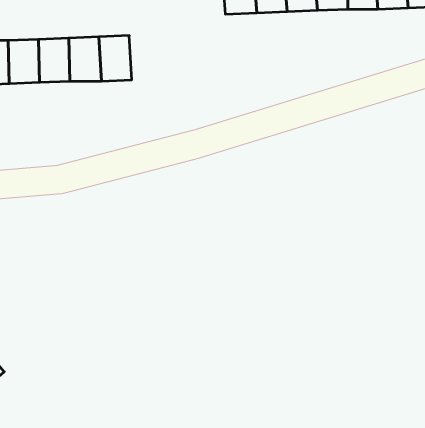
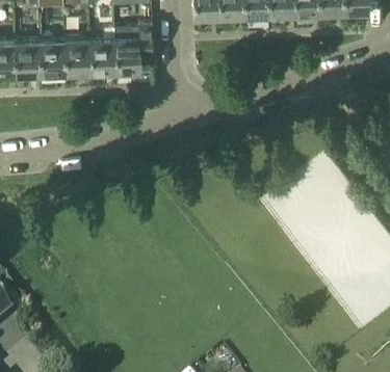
building: none -> [115,18,155,70]

